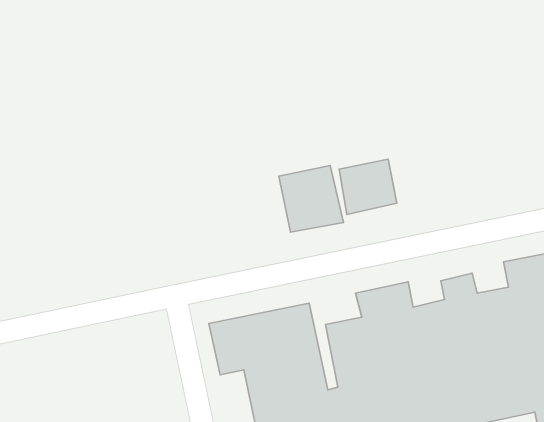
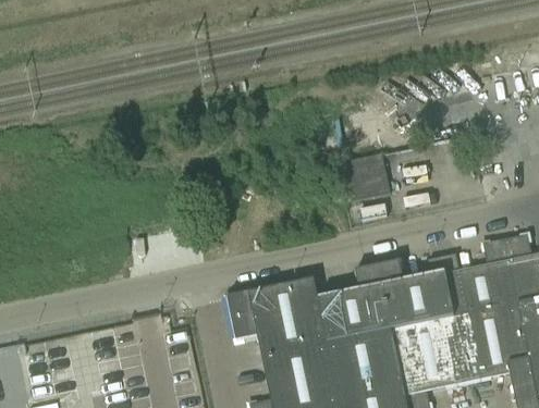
building: [279,166,344,232] -> none

